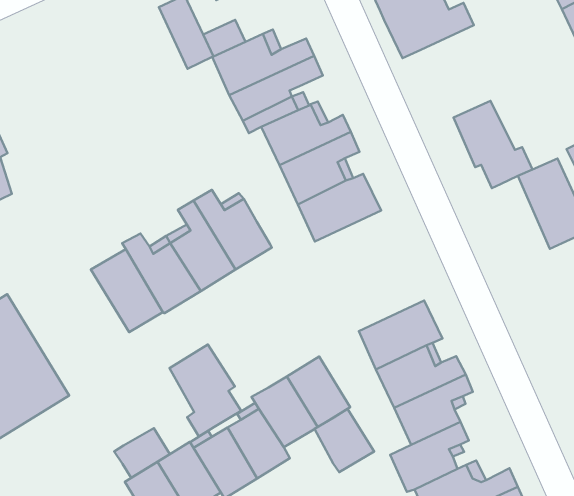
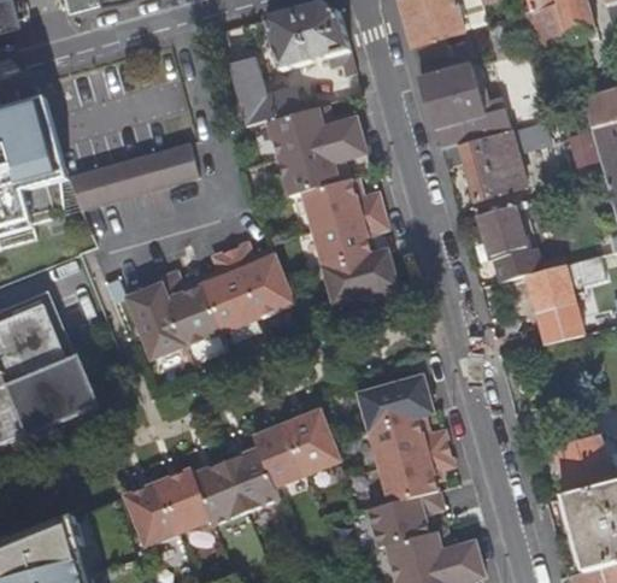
building: none -> [458,124,545,202]
building: none -> [67,145,199,211]
building: [169,345,241,437] -> none
building: [315,409,374,472] -> none
building: [114,428,170,478] -> none

